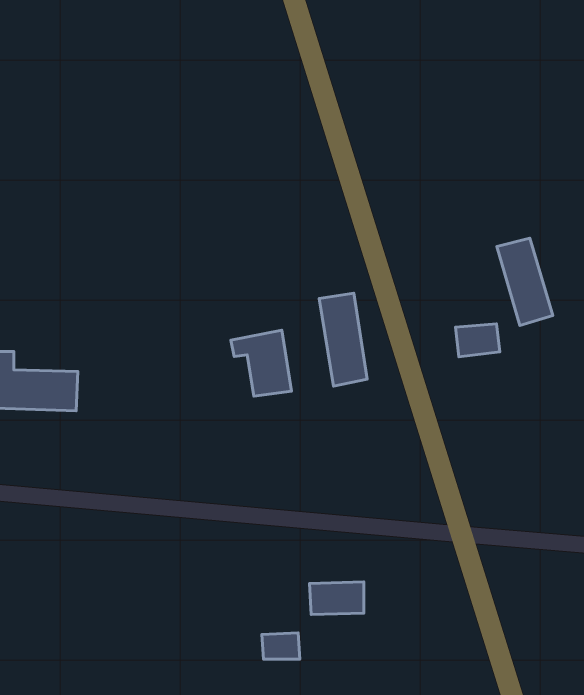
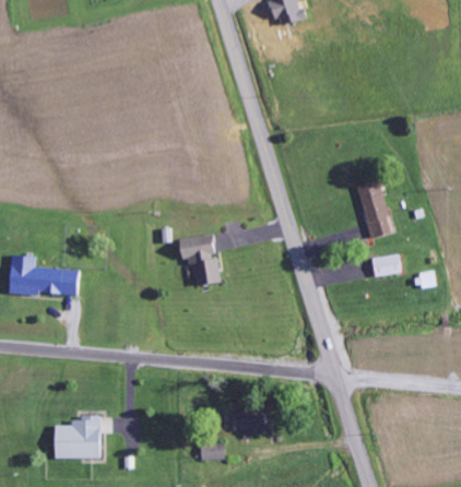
building: [319,293,367,386] -> none
building: [455,324,500,357] -> [371,254,401,276]
building: none -> [54,415,99,459]

